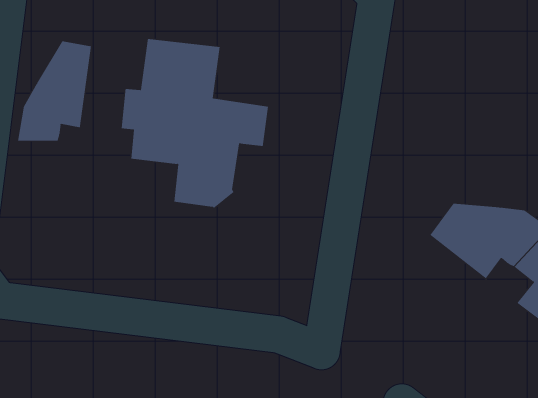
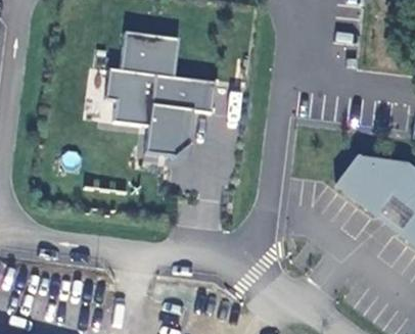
building: [18,40,92,142] -> none

